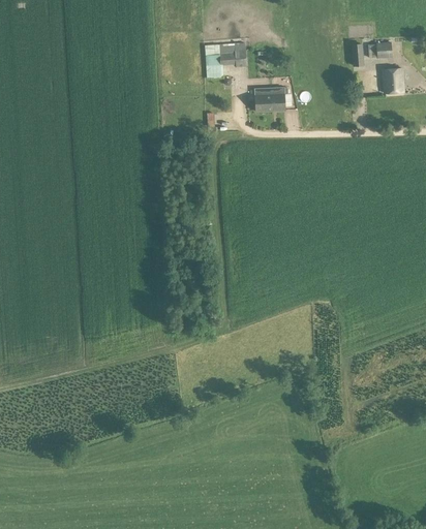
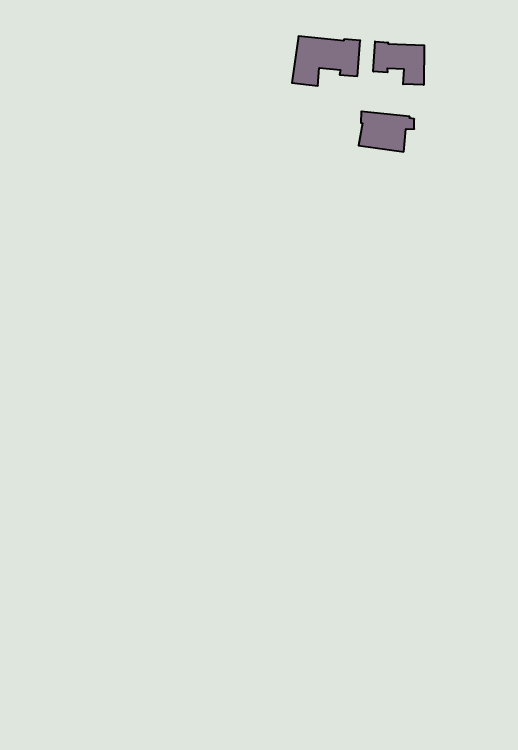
building: none -> [373,41,424,85]

